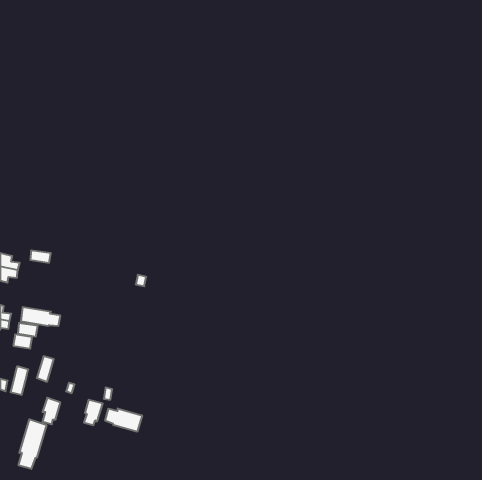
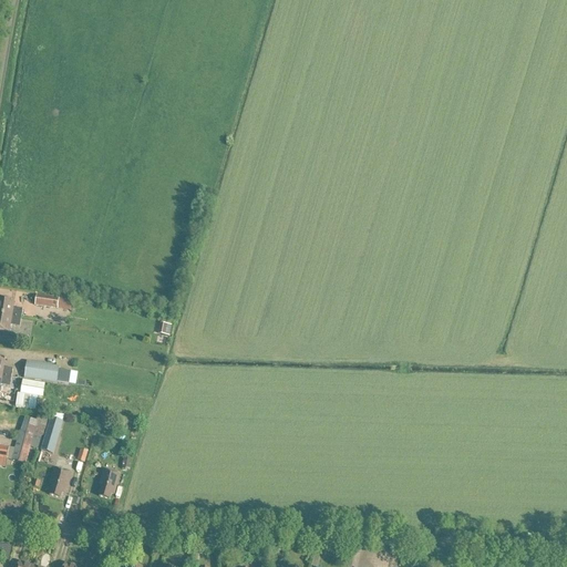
building: [105,408,142,432] -> none
building: [19,419,46,469] -> none

